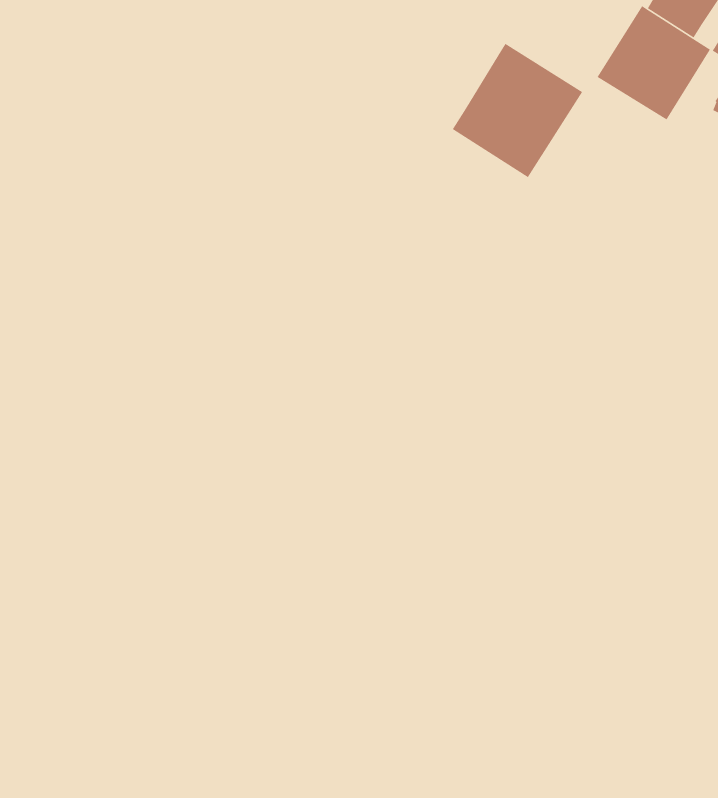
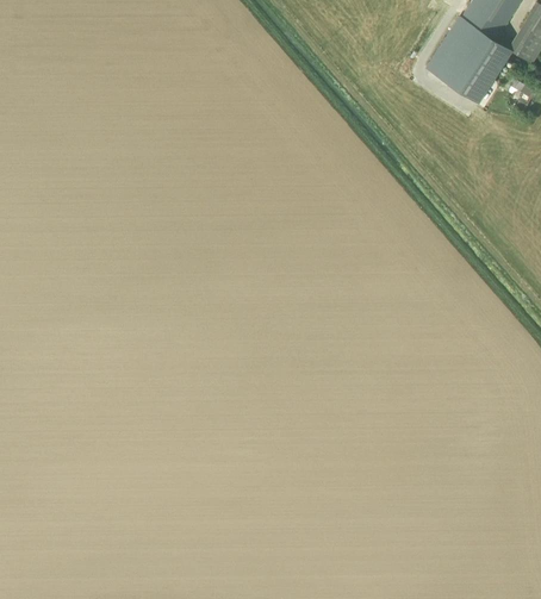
building: [451,43,583,178] -> none

